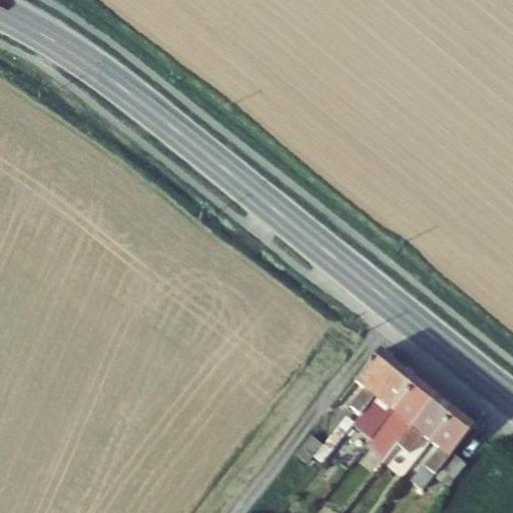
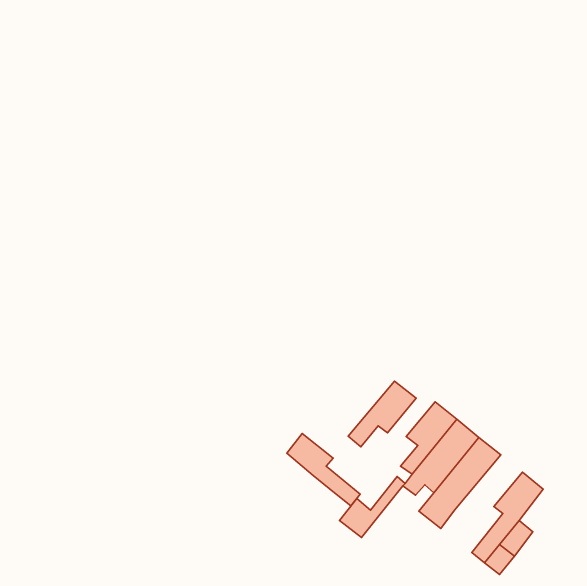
building: none -> [287,434,360,506]
building: [396,396,455,453] -> [348,381,416,447]

